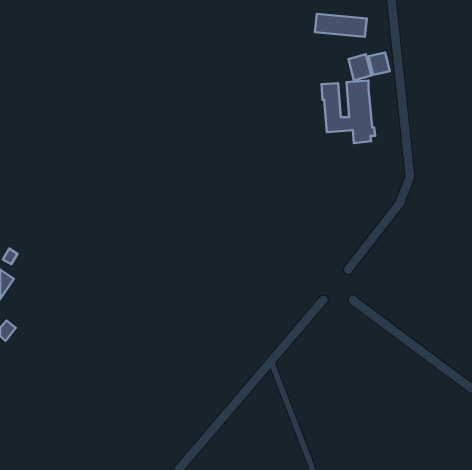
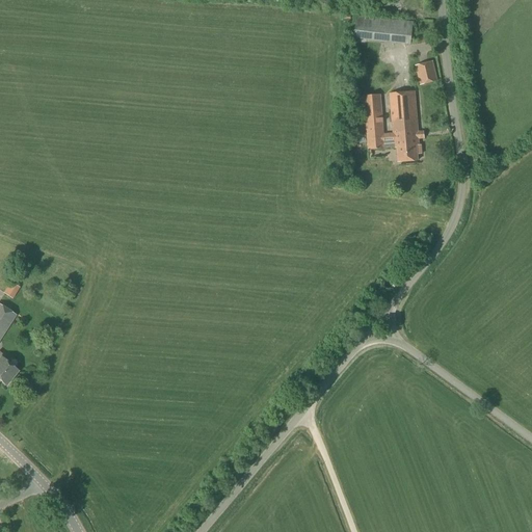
building: [348,54,371,80] -> none

